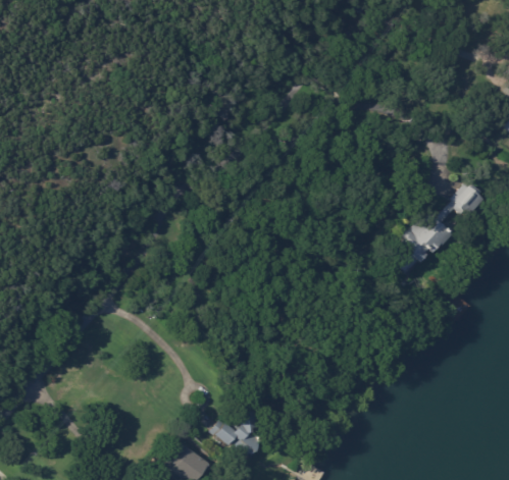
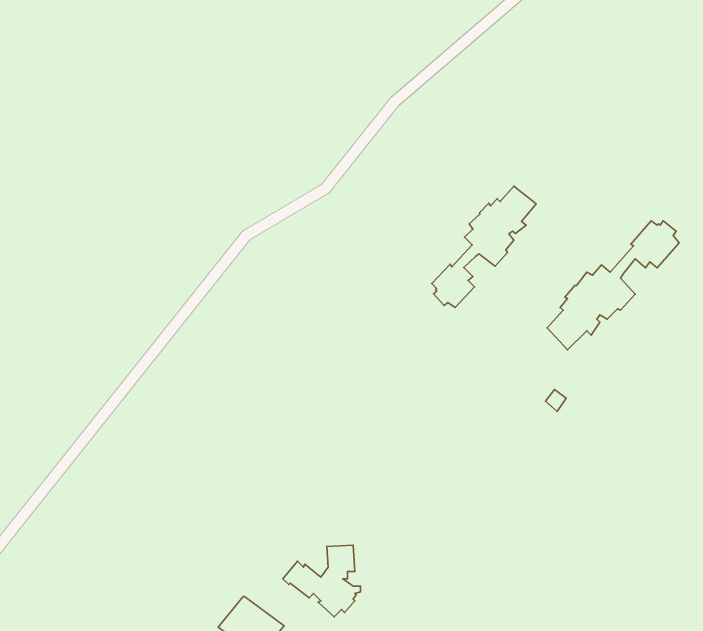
building: none -> [432,186,536,307]

